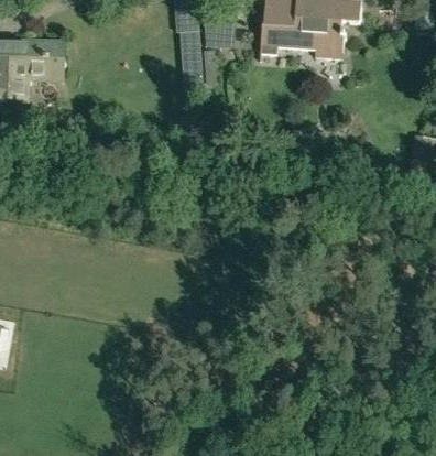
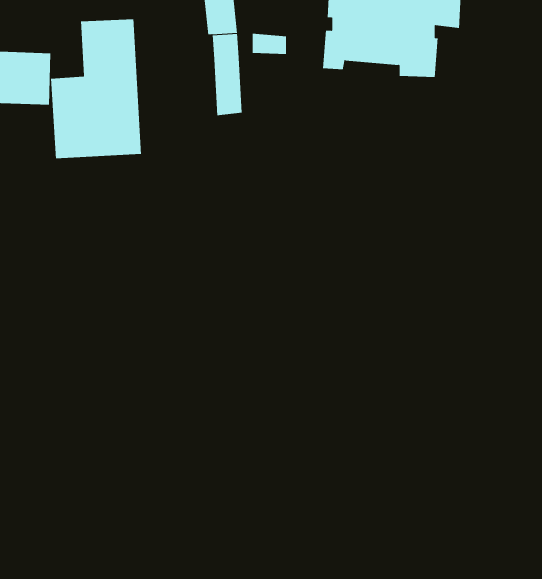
building: none -> [51,18,142,159]

